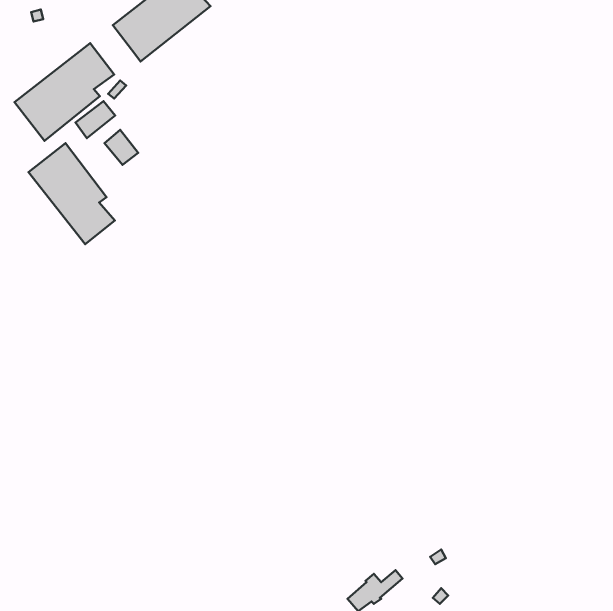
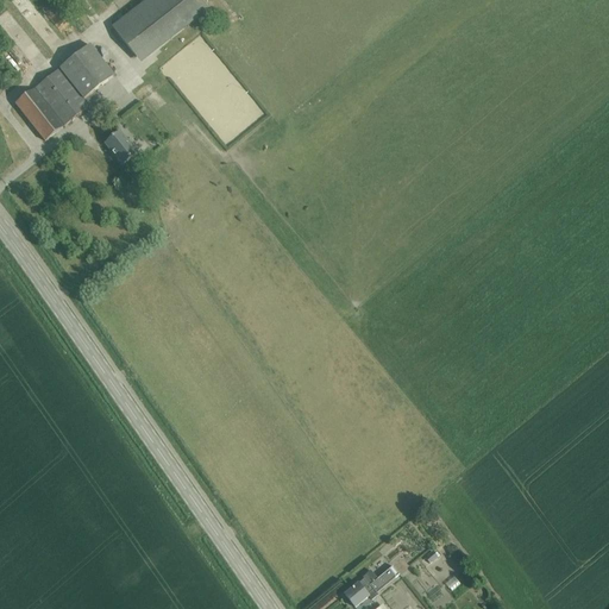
building: [75,101,115,138] -> none
building: [29,143,115,244] -> none

